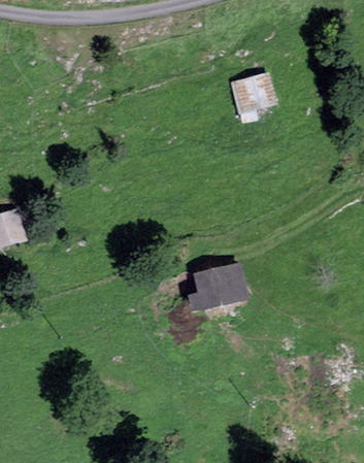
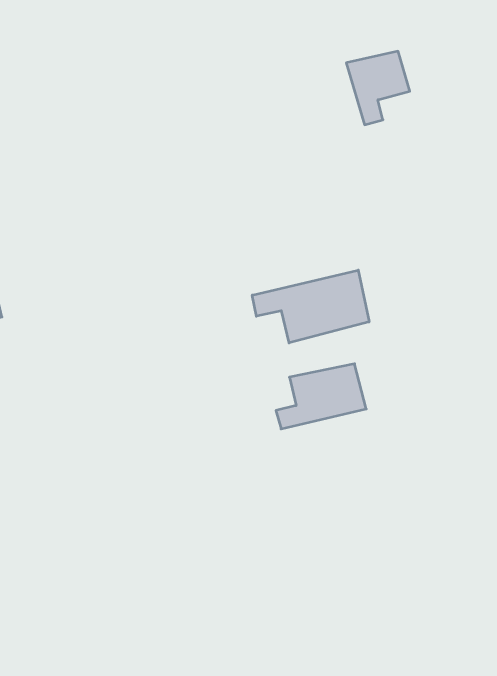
building: none -> [252,270,369,343]

